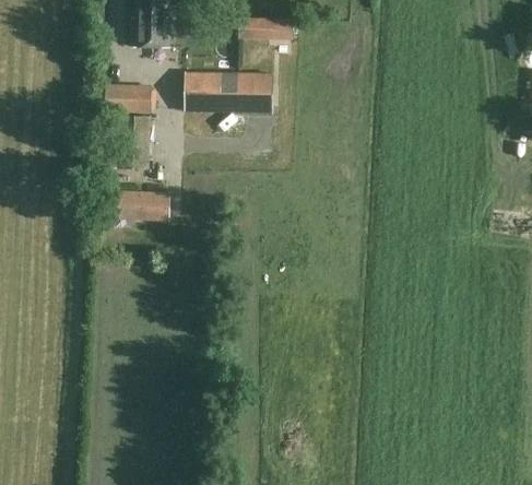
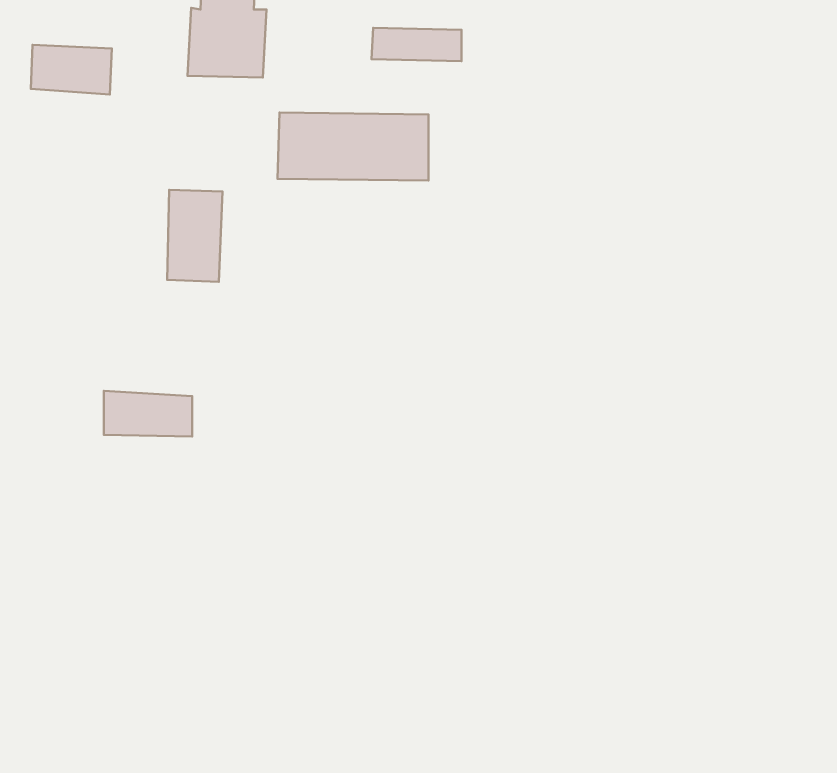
building: [106,85,154,115] -> [31,45,112,95]
building: [115,193,167,221] -> [104,391,192,437]

